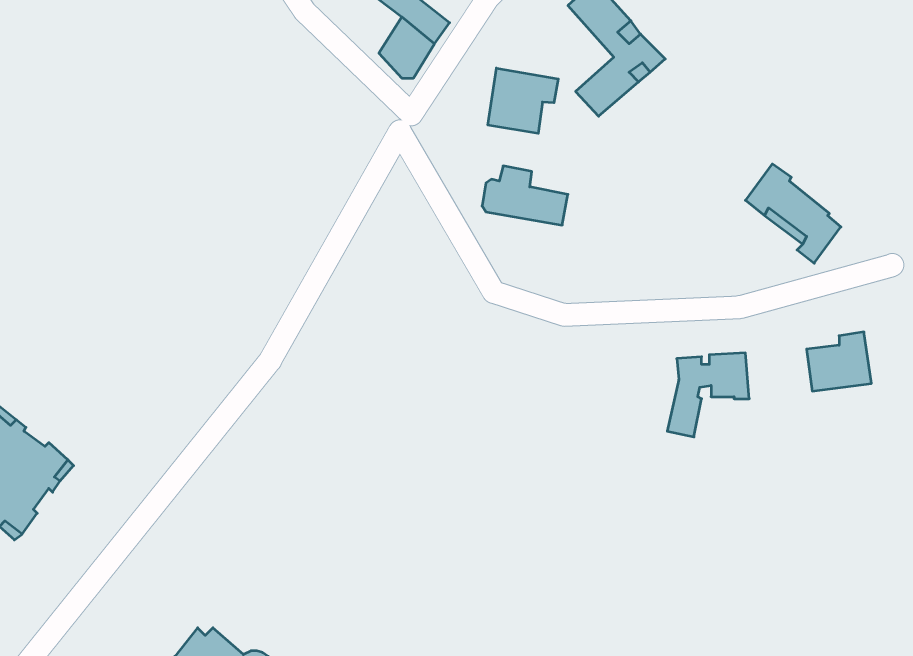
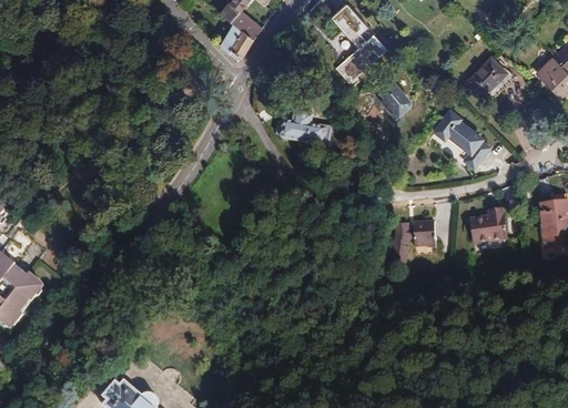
building: [488,68,558,133] -> none
building: none -> [467,57,507,95]
building: none -> [379,79,412,118]

